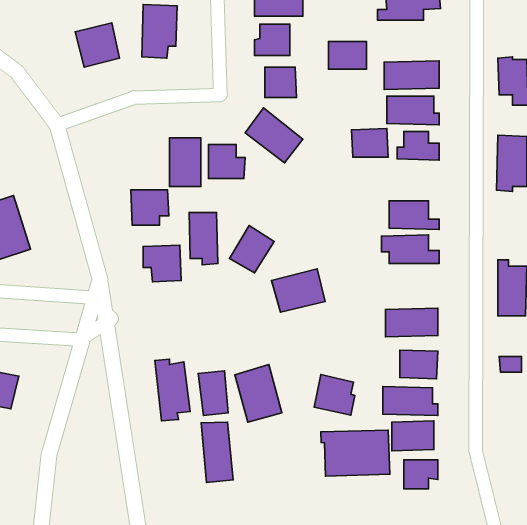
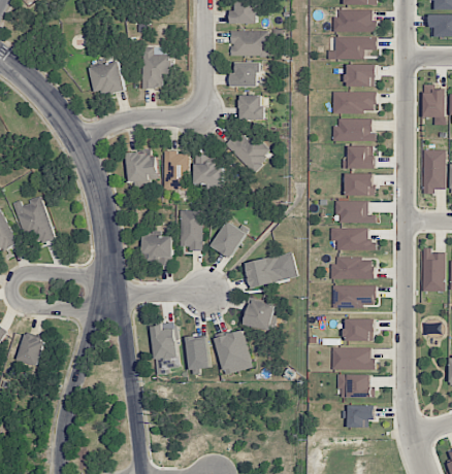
building: [328,42,366,69] -> [346,65,376,87]
building: [352,128,388,157] -> [345,173,374,196]
building: [131,190,169,225] -> [127,154,157,181]
building: none -> [331,257,373,279]
building: [314,374,355,415] -> [244,299,276,331]
building: [201,422,233,483] -> none
building: [321,430,390,476] -> none

